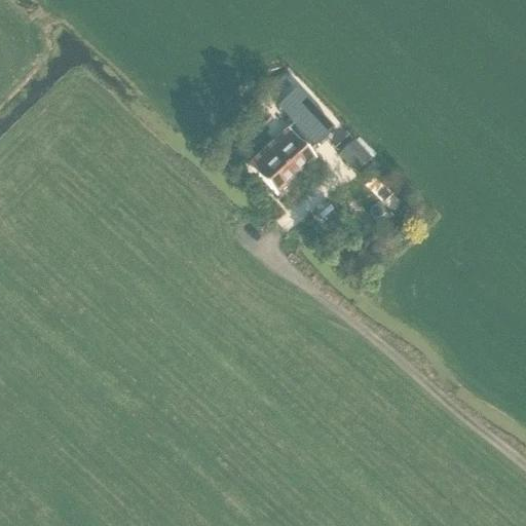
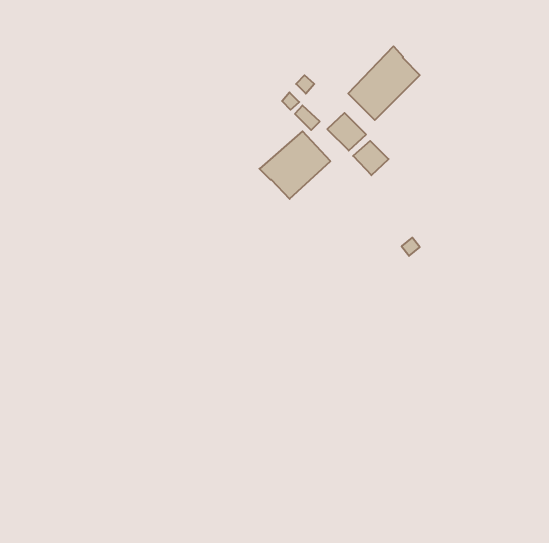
building: none -> [348,46,420,120]

